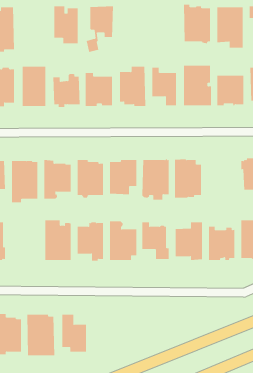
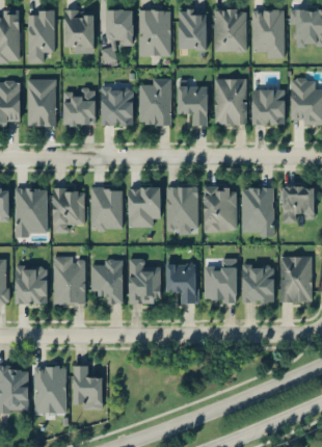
building: none -> [139,9,171,56]
building: none -> [178,9,207,50]
building: none -> [28,10,55,62]
building: none -> [242,186,274,236]
building: none -> [17,265,49,305]

